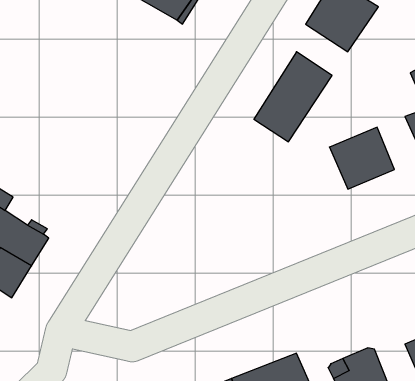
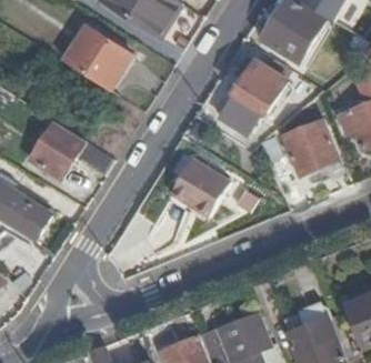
building: none -> [62,28,130,91]
building: none -> [29,122,111,178]
building: none -> [170,170,225,218]

